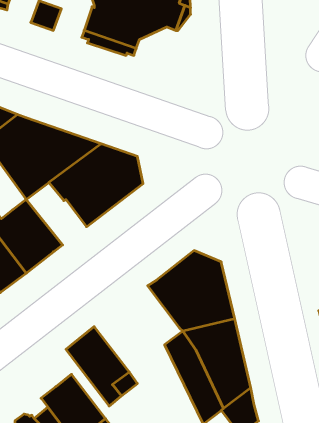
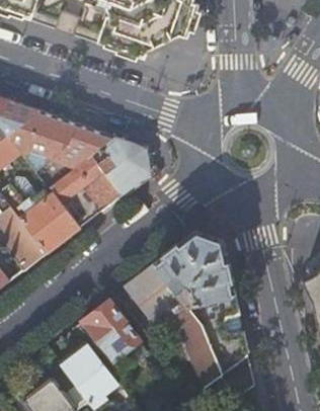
building: none -> [47,171,100,227]
building: none -> [124,263,183,324]

